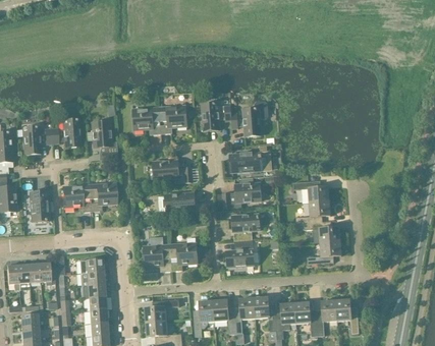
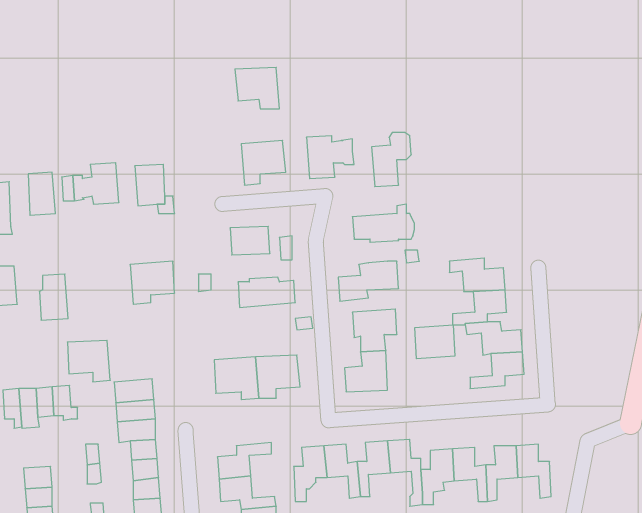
building: [133,107,162,133] -> [235,67,279,109]
building: [63,184,91,211] -> [67,340,110,382]
building: none -> [415,325,455,359]

